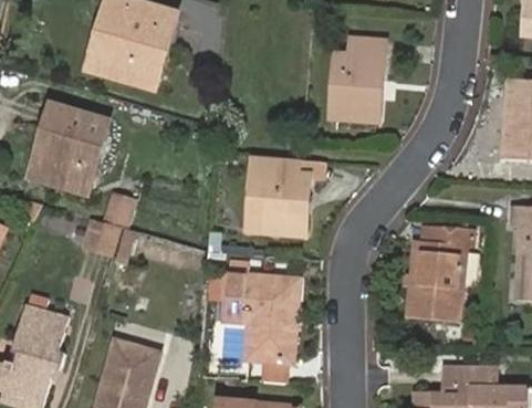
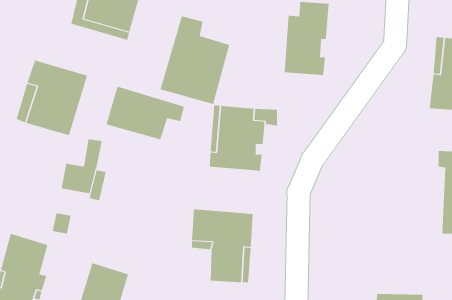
building: none -> [160,15,230,105]
building: none -> [106,86,185,140]
building: [408,224,484,322] -> none

